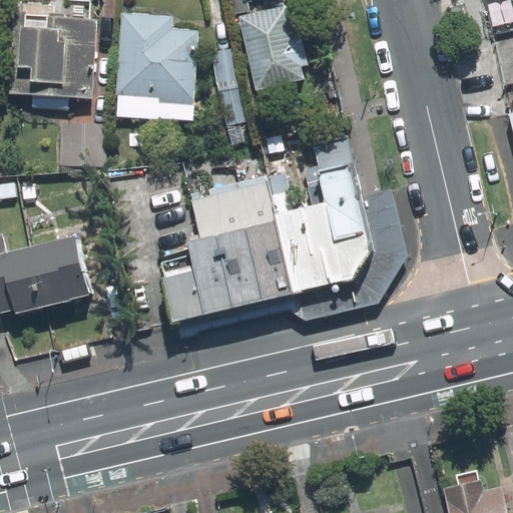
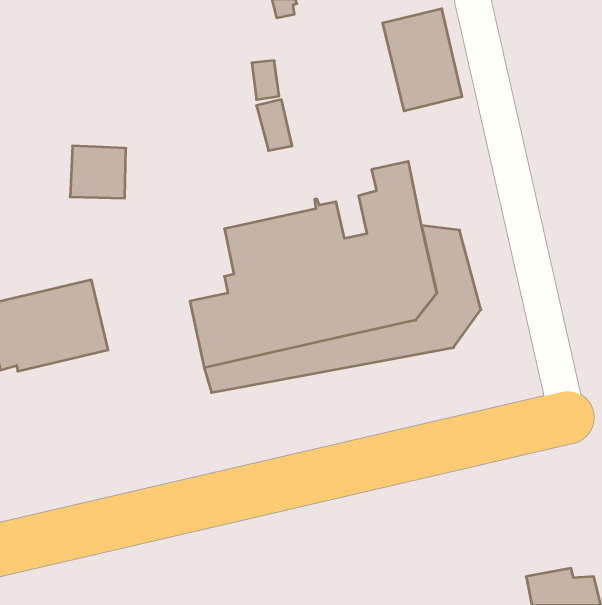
building: [237,6,305,92] -> [383,9,462,111]
building: [9,13,97,100] -> none
building: [115,14,199,106] -> none

